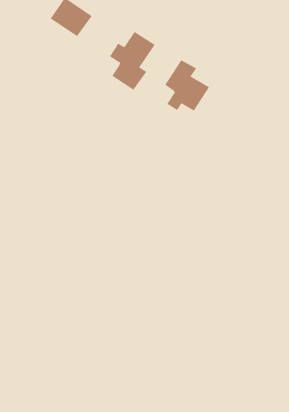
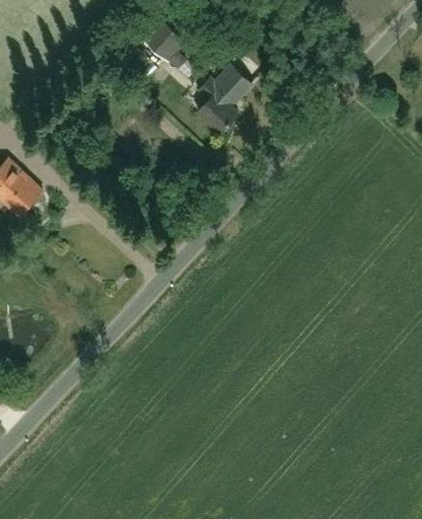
building: [164,59,210,112] -> none

